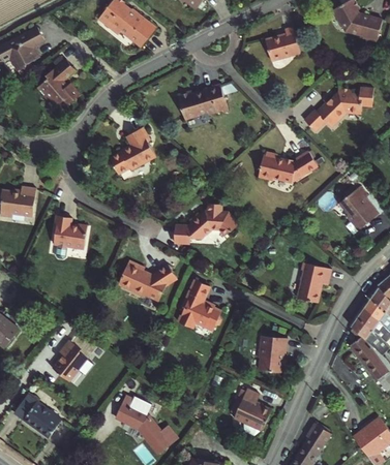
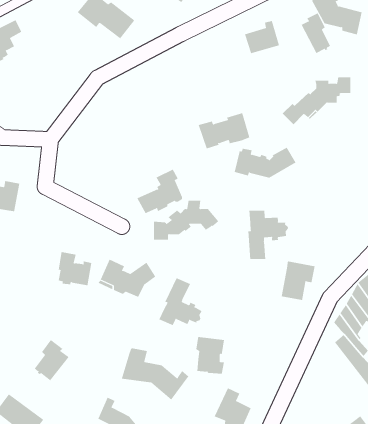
building: none -> [301,13,331,54]
building: [37,56,82,104] -> none
building: [175,83,227,119] -> [198,112,250,149]
building: [104,124,150,168] -> [137,169,183,214]
building: [338,186,378,229] -> none
building: none -> [248,210,288,260]
building: [54,215,88,249] -> [58,251,92,286]
building: [258,336,287,373] -> [195,337,225,374]
building: none -> [121,348,189,401]

